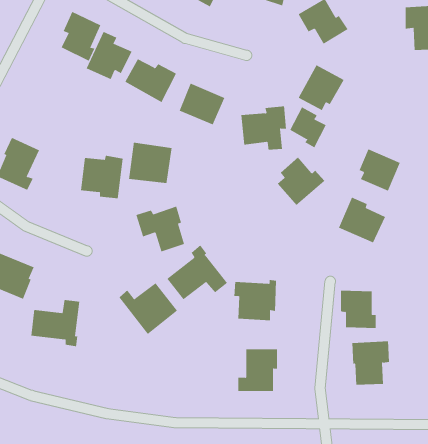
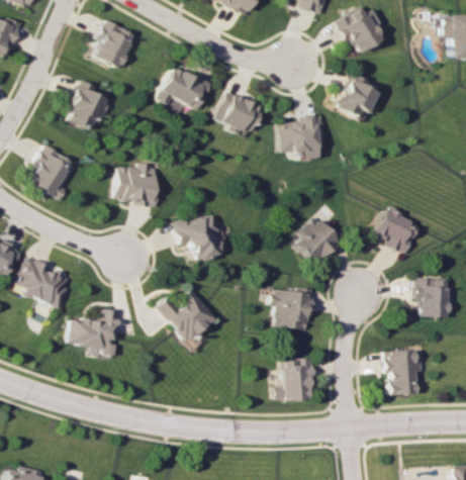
building: [86,31,132,80] -> [68,81,114,129]
building: [289,107,326,148] -> none
building: [129,142,172,184] -> none
building: [359,148,400,191] -> none
building: [277,157,325,206] -> [295,216,344,266]
building: [167,245,228,300] -> none
building: [340,290,376,329] -> [420,278,456,316]

